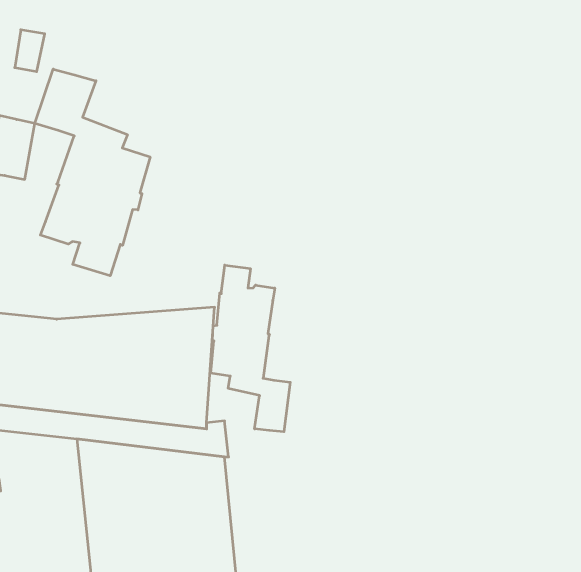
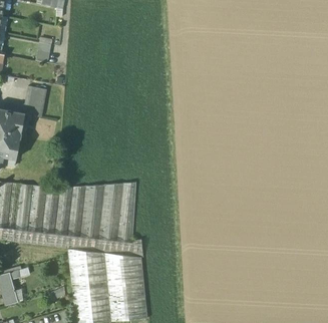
building: [35,69,150,276] -> none
building: [211,265,290,432] -> none

